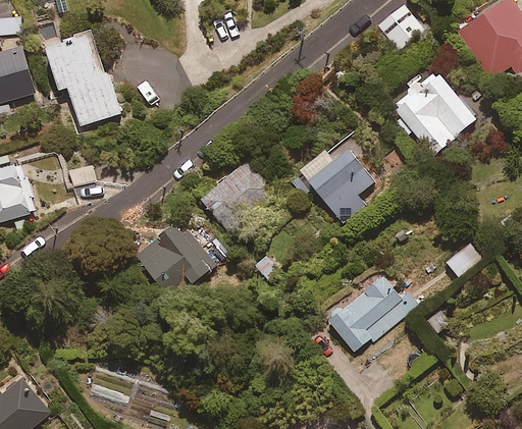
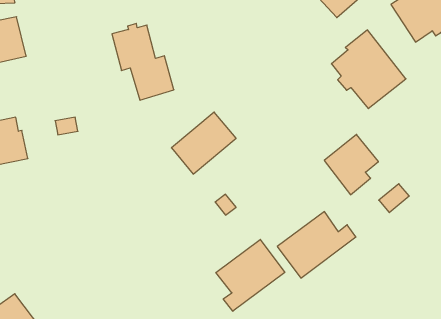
building: [48,37,120,126] -> [112,23,174,100]
building: [309,151,372,221] -> [324,134,378,195]
building: [137,228,216,291] -> none
building: none -> [216,239,285,311]

